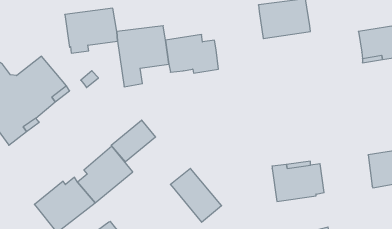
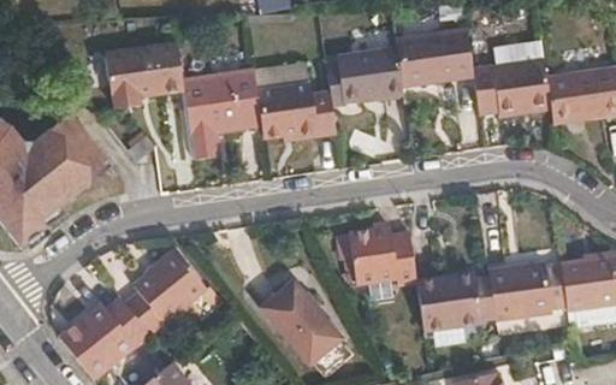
building: none -> [326,47,403,105]
building: none -> [473,58,551,116]
building: [111,120,156,162] -> none
building: none -> [337,226,416,285]
building: none -> [488,261,567,321]

